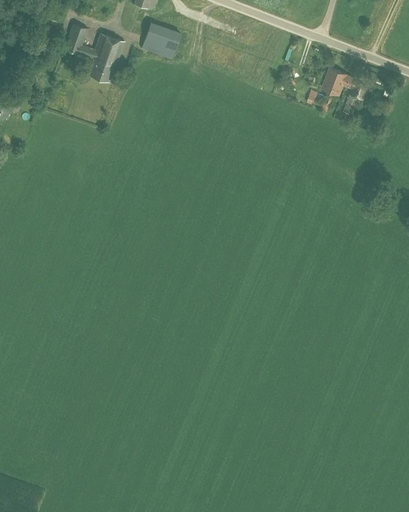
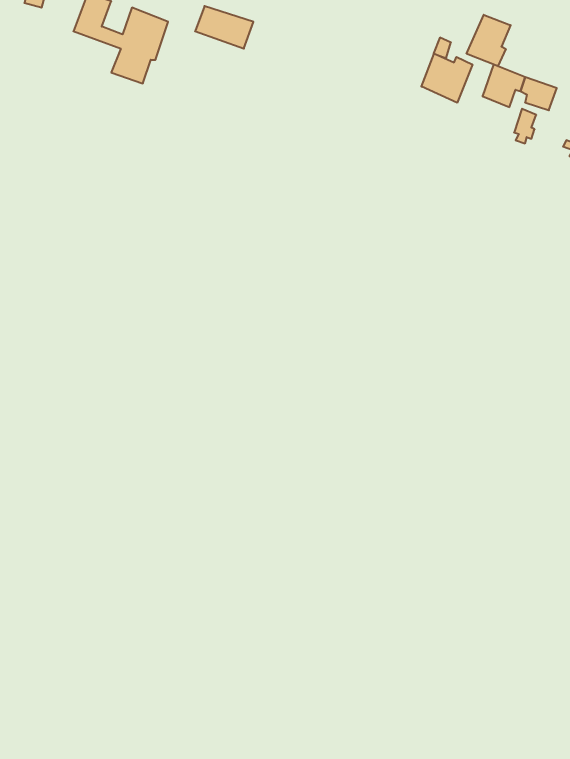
building: none -> [467,15,511,66]
building: none -> [421,54,472,103]

